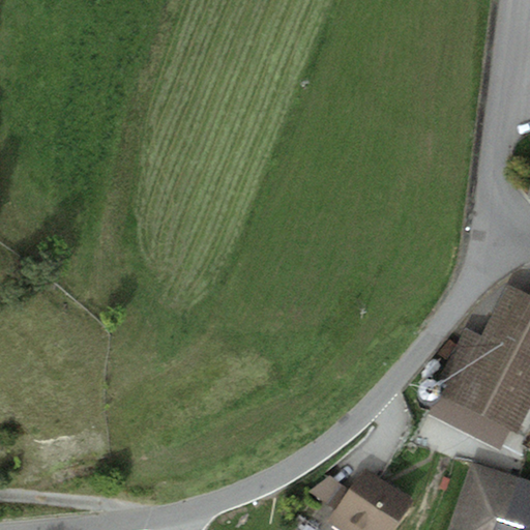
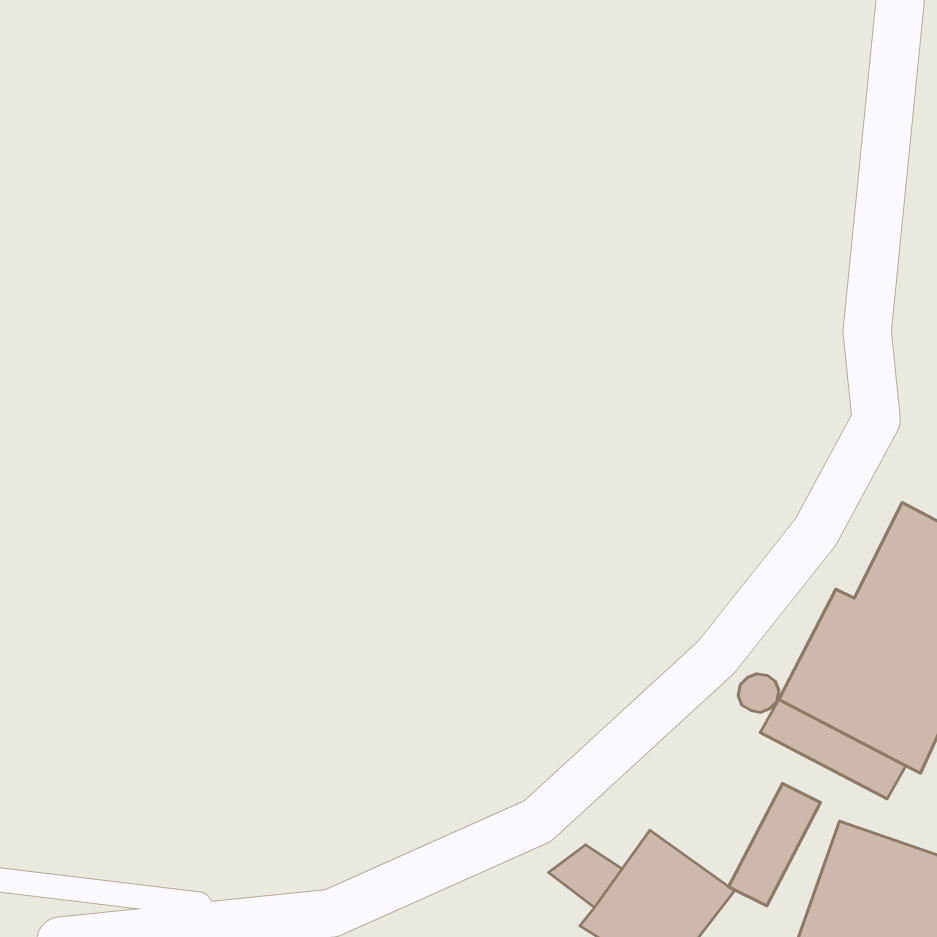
building: none -> [729,784,821,906]

